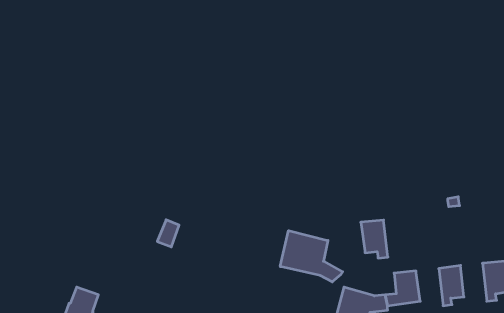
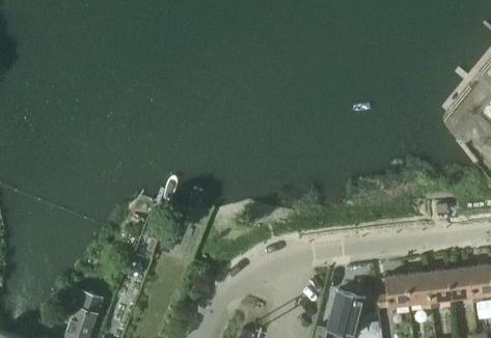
building: [361,220,388,258] -> [405,273,431,309]
building: [280,231,343,282] -> none
building: none -> [447,267,472,305]

